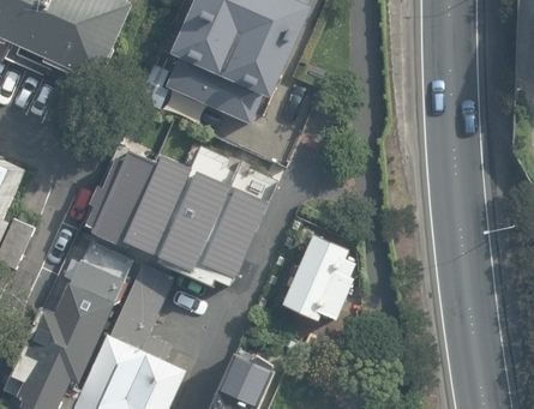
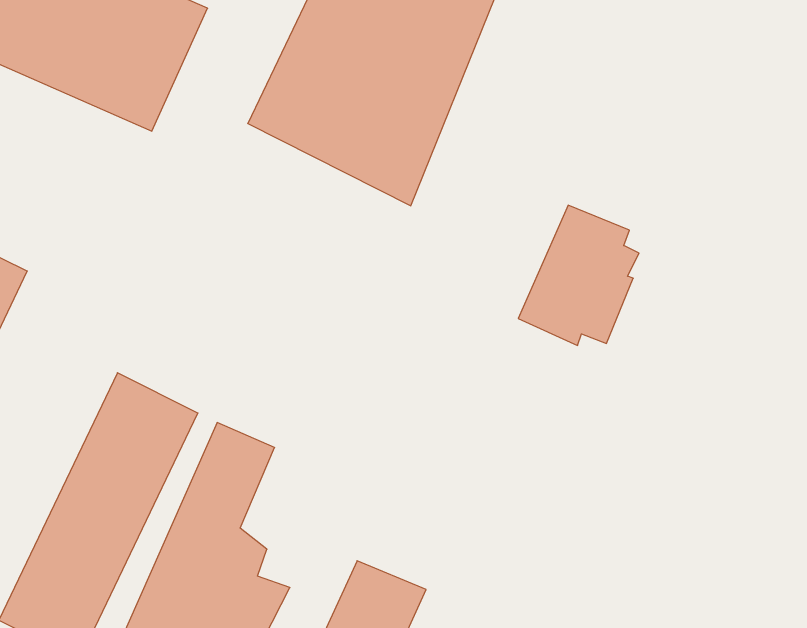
building: [80,150,265,289] -> none
building: [280,234,355,321] -> [518,205,639,345]

